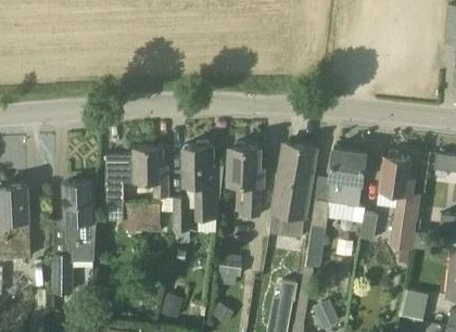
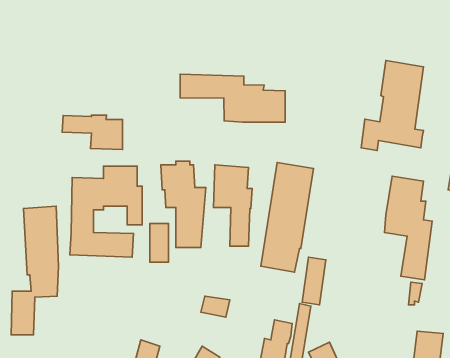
building: none -> [180,74,285,122]
building: none -> [62,115,123,149]
building: [311,148,365,226] -> [361,61,423,150]

